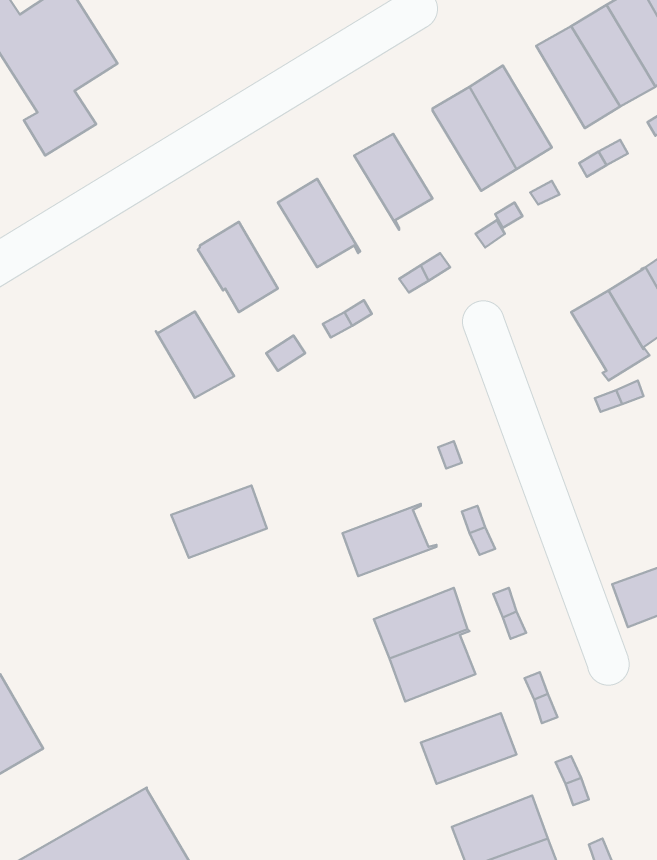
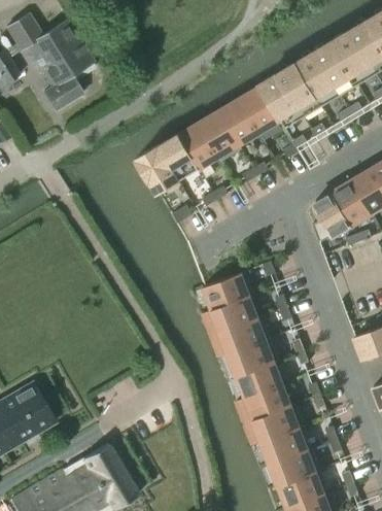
building: none -> [296,53,339,106]
building: none -> [238,87,279,133]
building: none -> [198,110,241,161]
building: [156,312,234,398] -> [157,135,198,180]
building: none -> [311,193,350,242]
building: [171,485,267,558] -> [202,271,252,309]
building: none -> [219,316,270,354]
building: none -> [244,383,294,419]
building: none -> [261,425,311,464]

